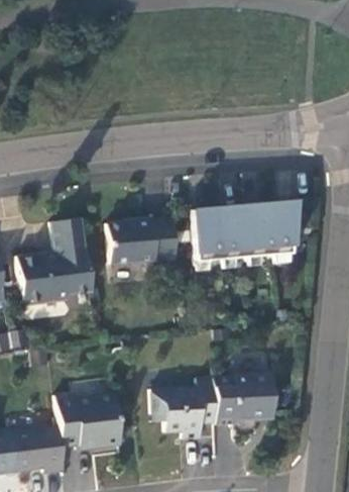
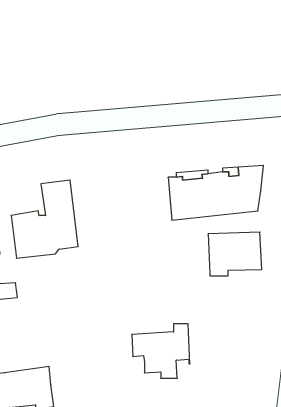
building: [106,216,177,264] -> none
building: [214,375,273,423] -> [208,232,262,276]
building: [55,392,121,446] -> none

